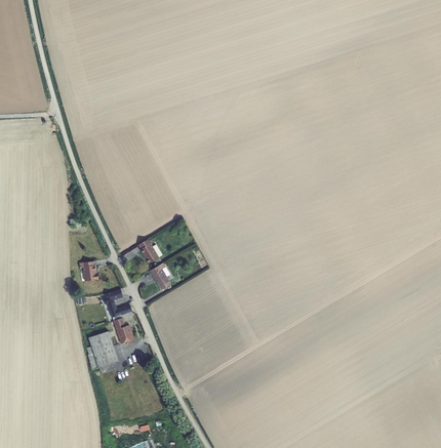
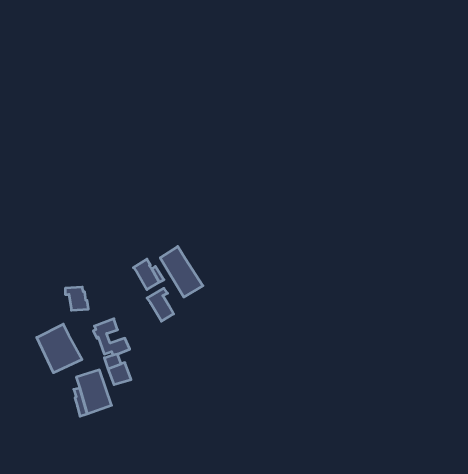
building: none -> [160,246,203,297]
building: none -> [37,324,82,373]

